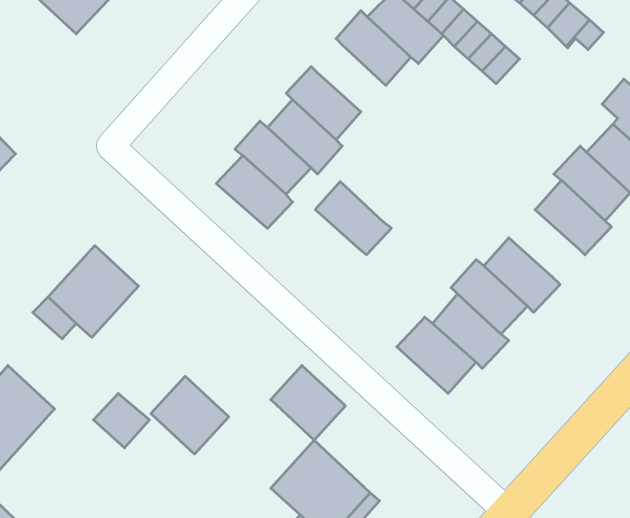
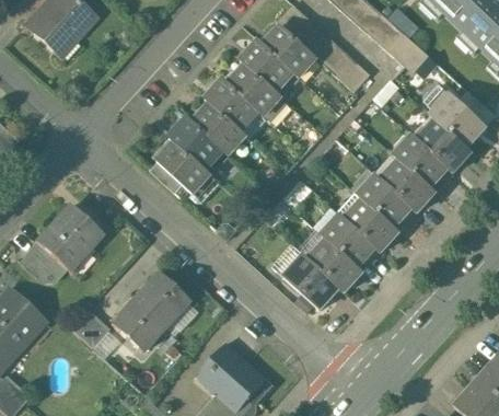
building: [315,182,391,255] -> [228,63,281,115]
building: none -> [351,169,411,227]
building: [271,365,345,440] -> [135,273,187,325]

